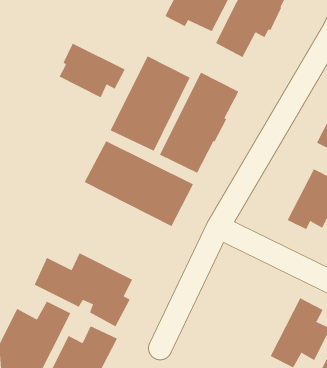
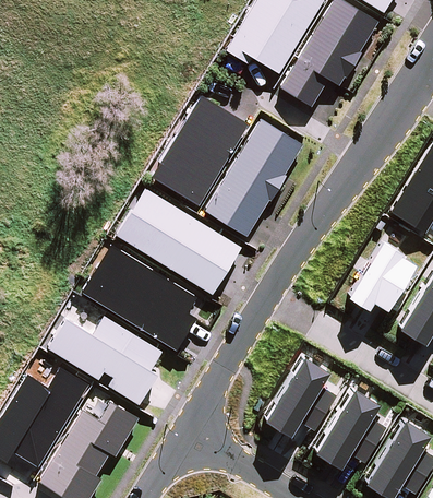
building: [59,43,126,98] -> none
building: none -> [82,245,197,351]
building: none -> [263,357,336,437]

